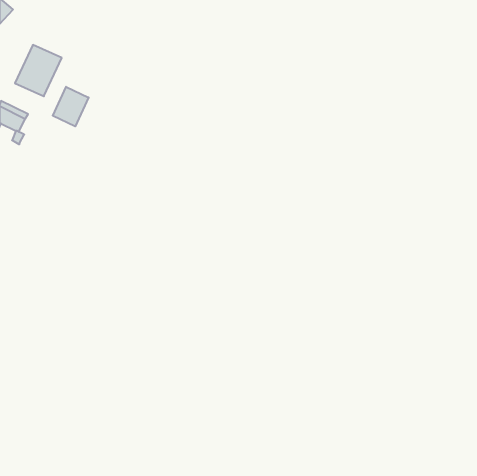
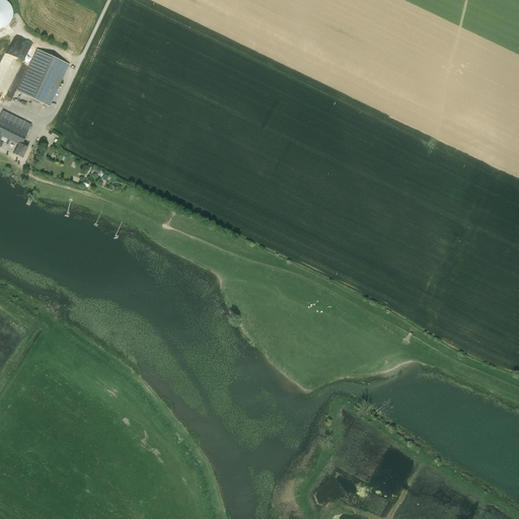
building: [53,87,89,126] -> none

